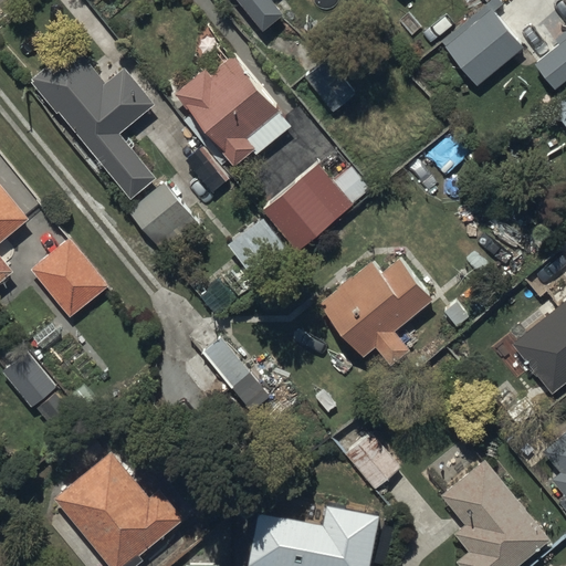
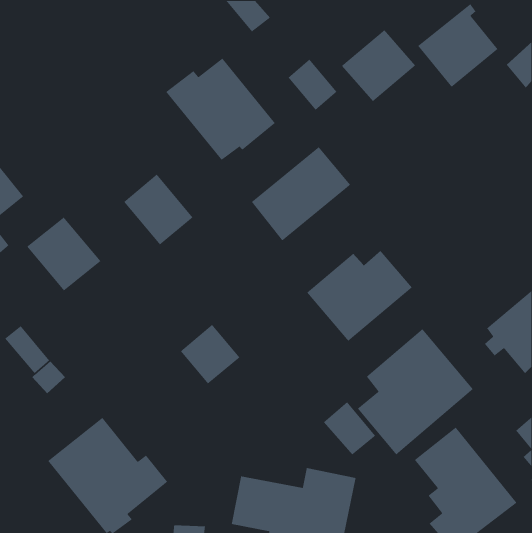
building: none -> [341,29,416,102]
building: [32,54,157,207] -> none
building: none -> [357,328,474,456]

